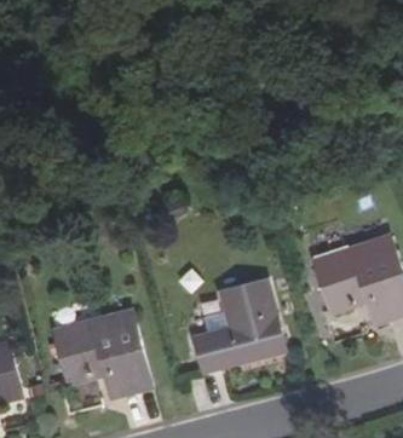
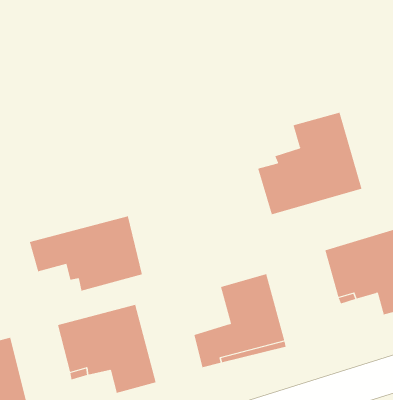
building: none -> [257,112,362,215]
building: none -> [29,215,142,291]

